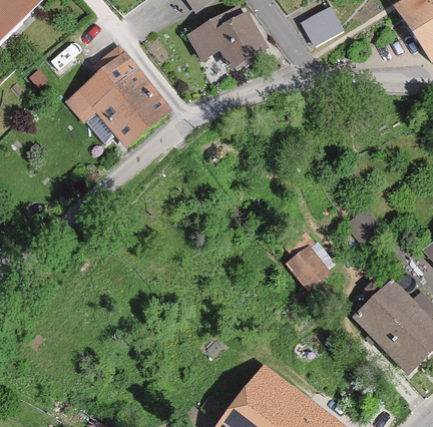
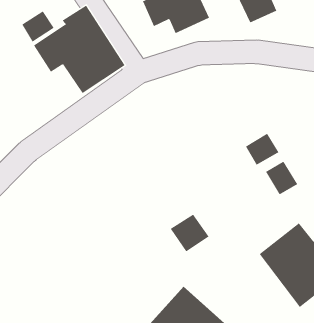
building: none -> [21,10,54,42]
building: none -> [245,133,279,165]
building: [287,246,334,292] -> [170,214,209,252]

